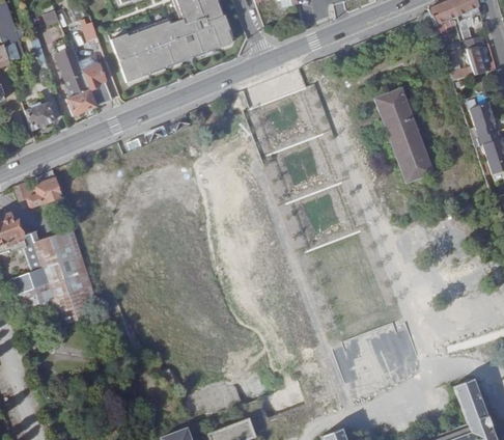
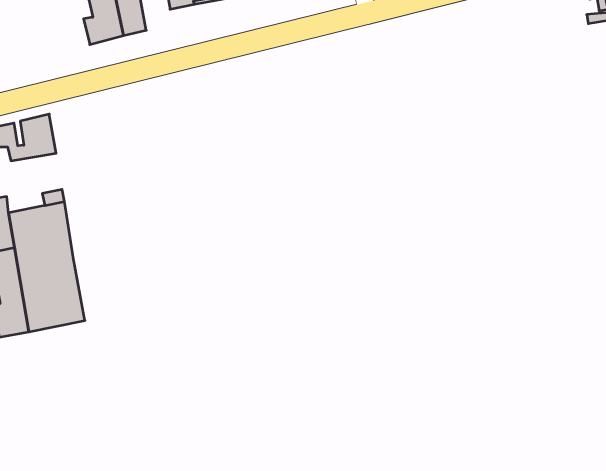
building: [373,87,431,182] -> none
building: [26,102,56,131] -> none

